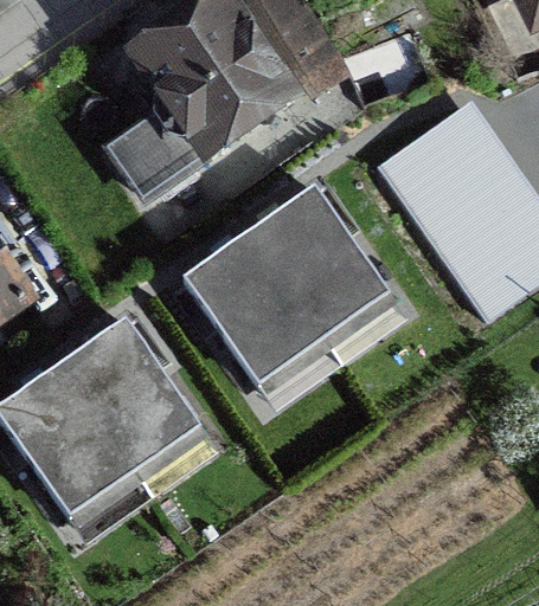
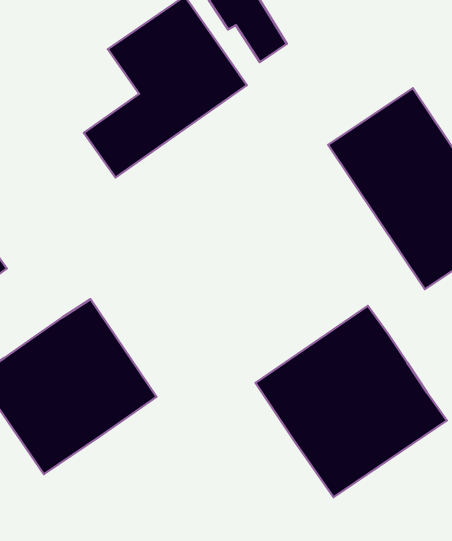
building: [192,194,389,385] -> none
building: none -> [256,306,447,497]

